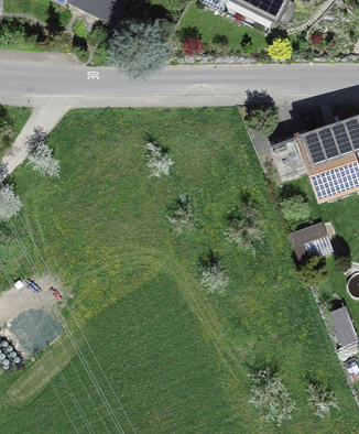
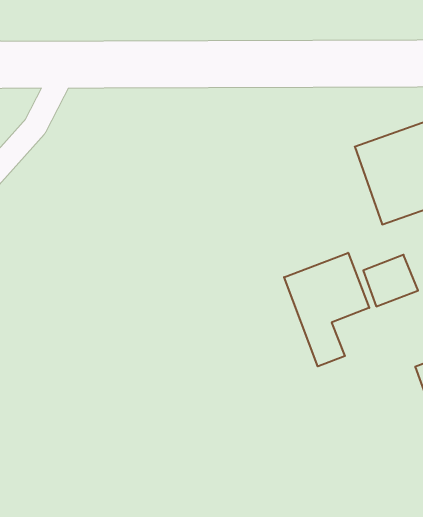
building: none -> [284,253,369,366]

